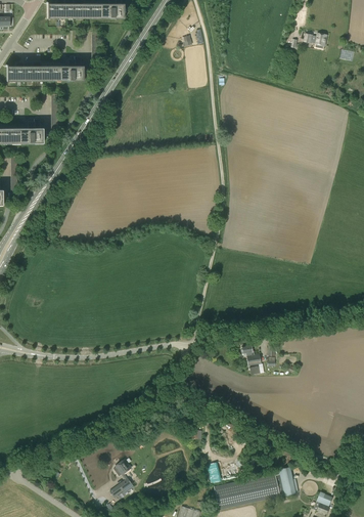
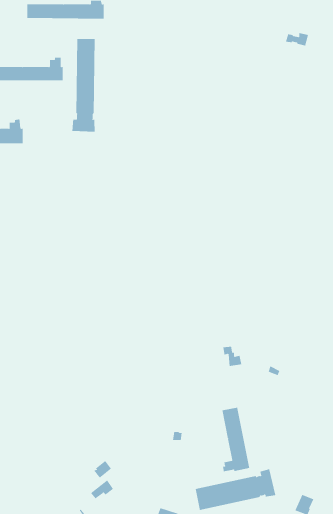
building: none -> [72,38,95,134]
building: none -> [222,407,250,472]

